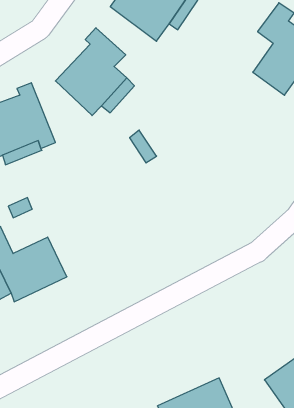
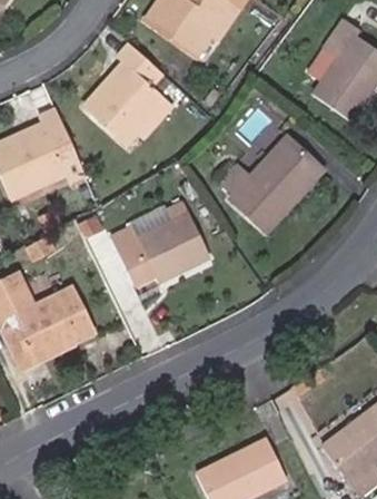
building: none -> [219,135,317,233]
building: none -> [110,198,209,282]

